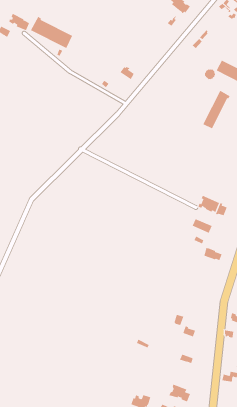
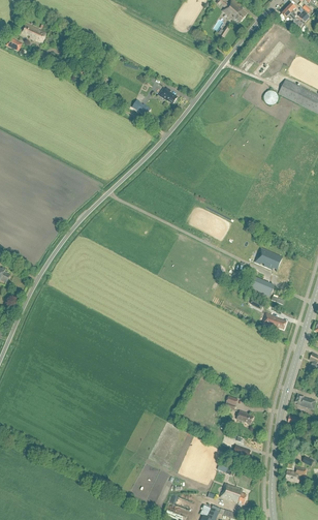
building: [30,16,73,49] -> none
building: [203,90,230,129] -> none

